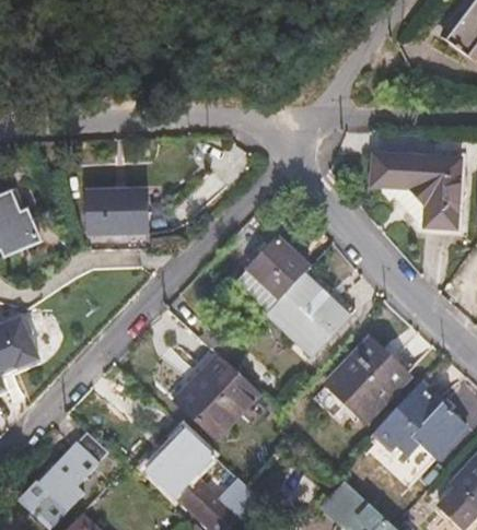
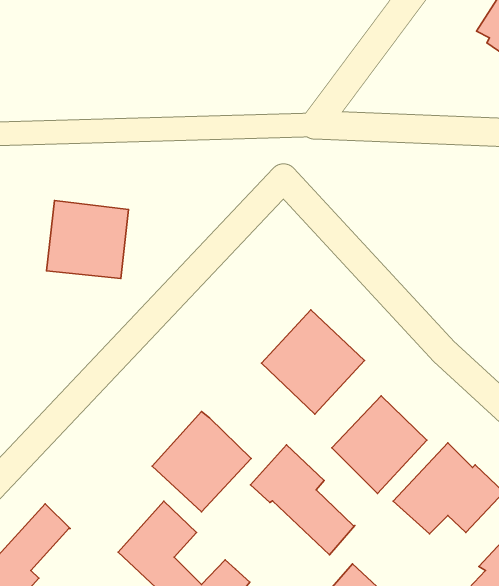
building: [370,154,459,229] -> none
building: [236,238,310,313] -> none
building: none -> [250,445,355,555]

